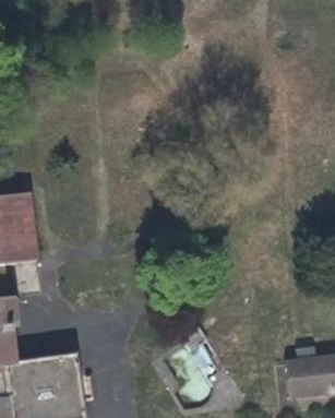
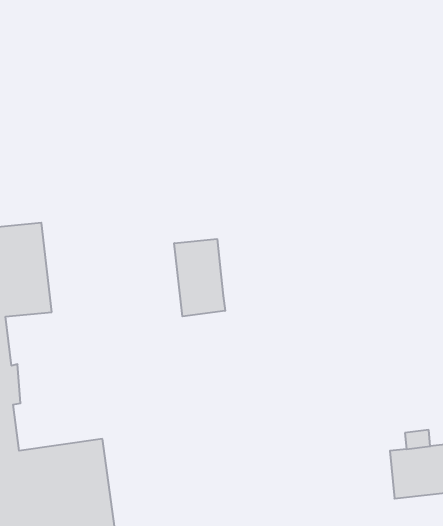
building: none -> [174,239,225,316]

